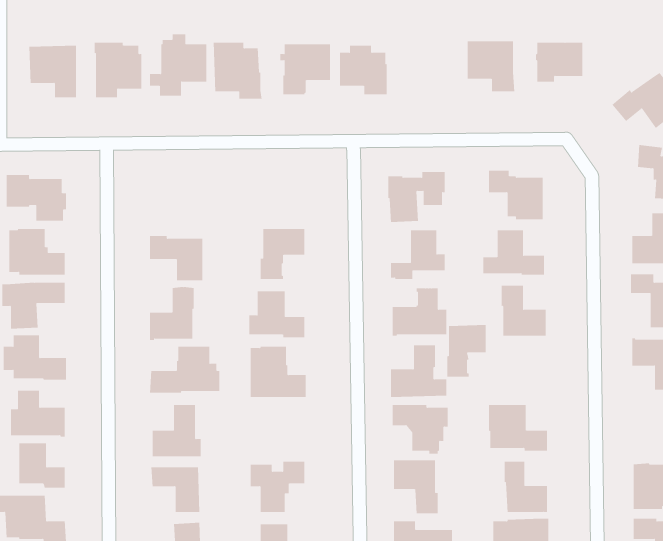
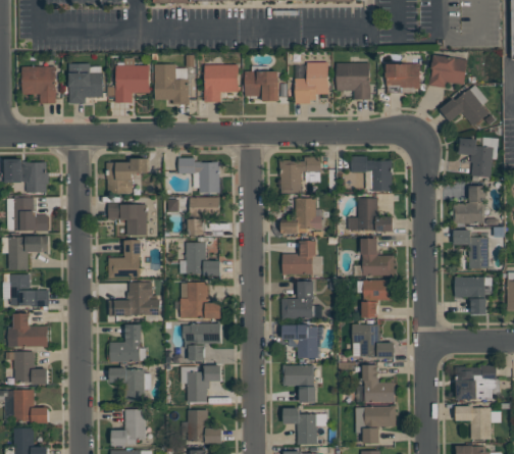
building: none -> [428,54,467,87]
building: none -> [295,62,328,103]
building: none -> [178,157,219,192]
building: none -> [106,158,149,194]
building: [447,325,486,377] -> [362,279,391,316]
building: none -> [183,322,220,360]

